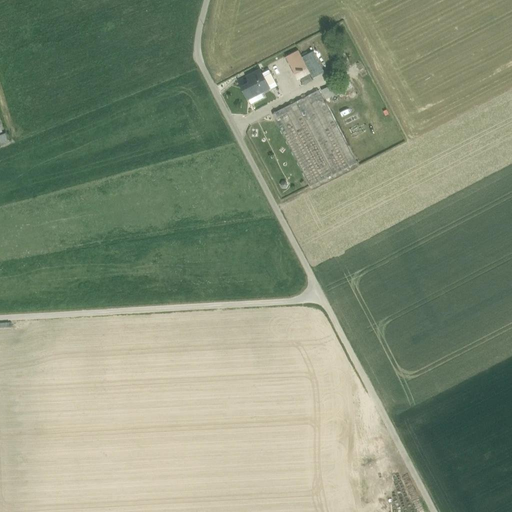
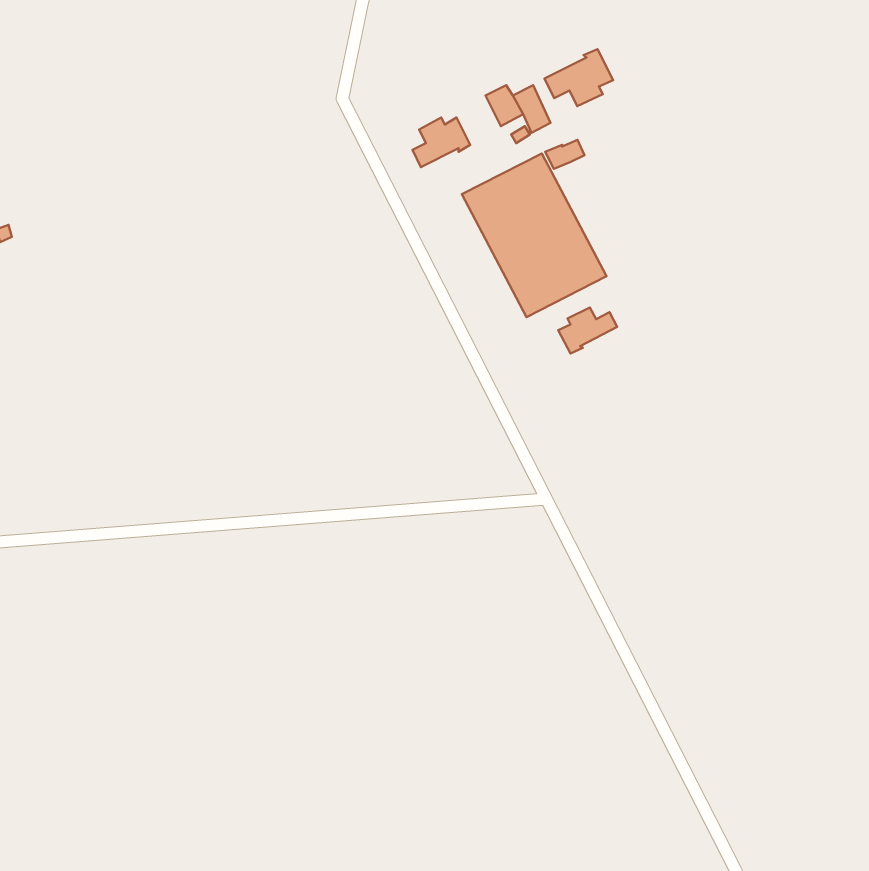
building: none -> [544,49,613,106]
building: none -> [558,307,617,354]

